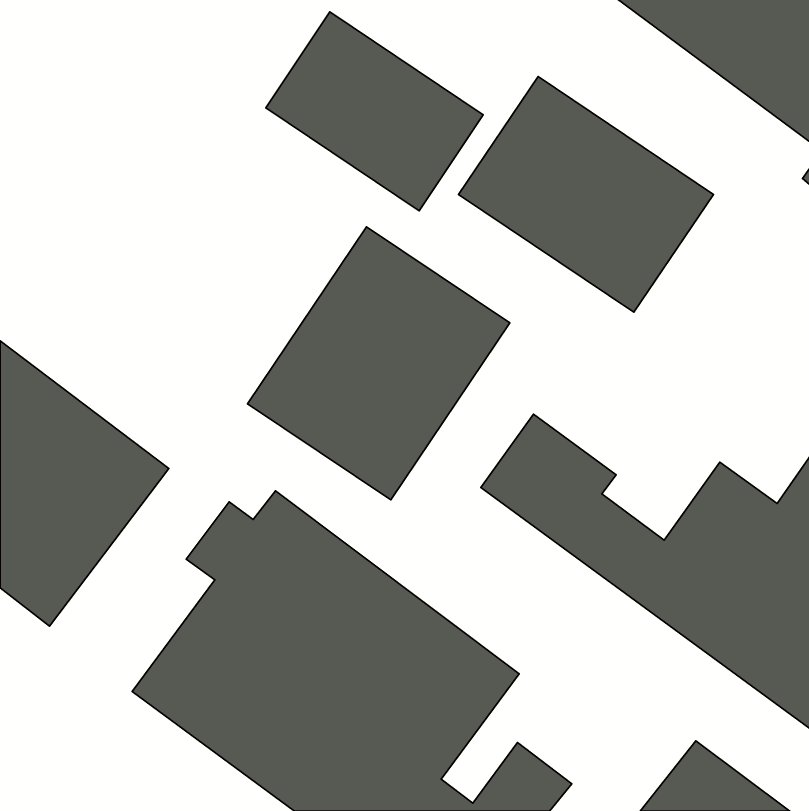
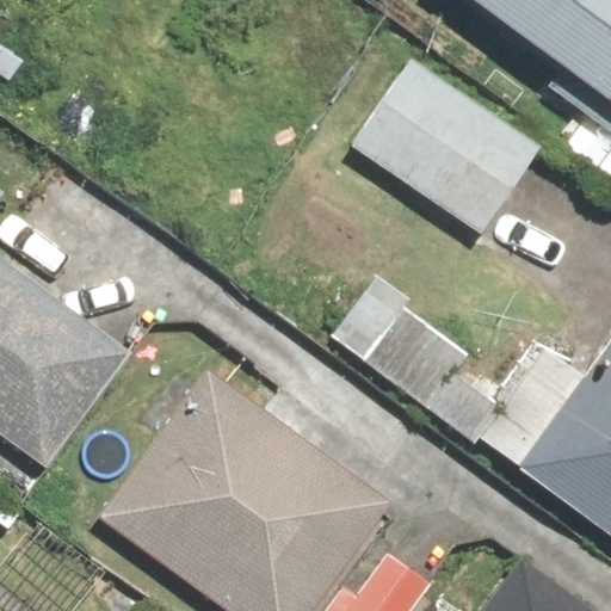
building: [266,12,483,211] -> none
building: [247,227,510,500] -> none

